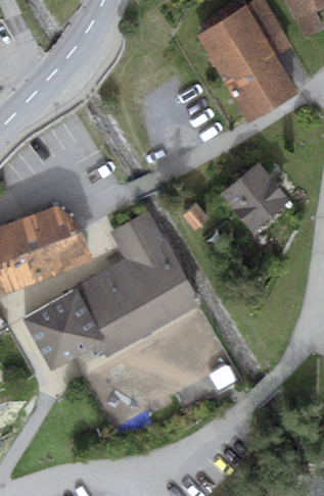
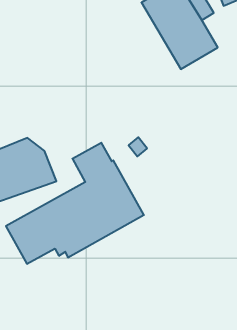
building: [219,162,288,231] -> none

